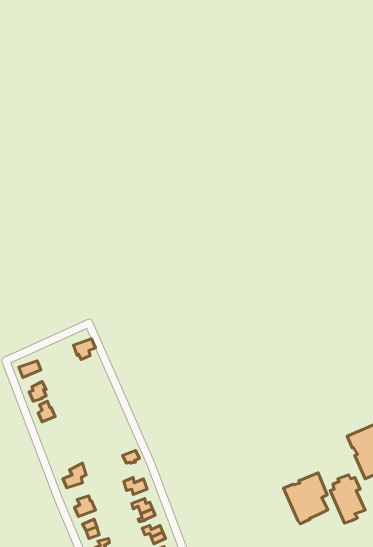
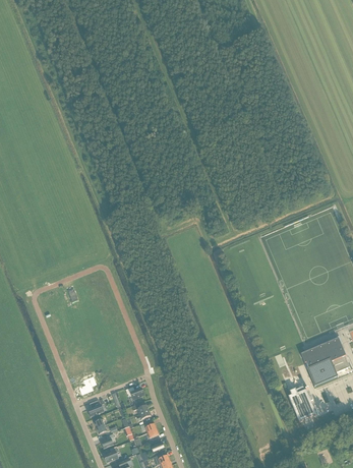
building: [284,473,328,524] -> none

